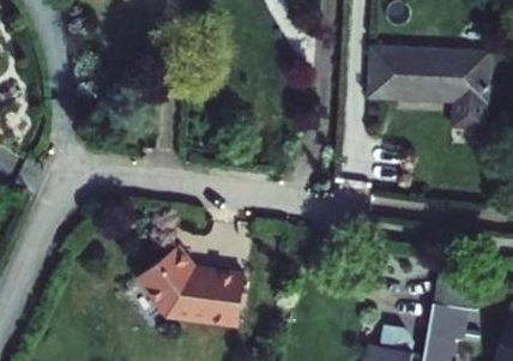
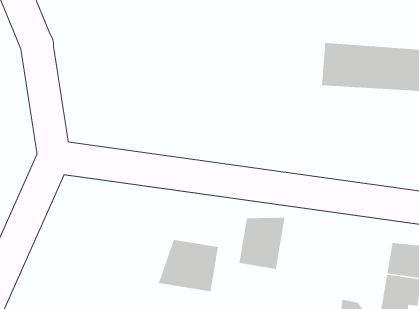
building: none -> [238,217,286,270]
building: [138,247,198,317] -> none

